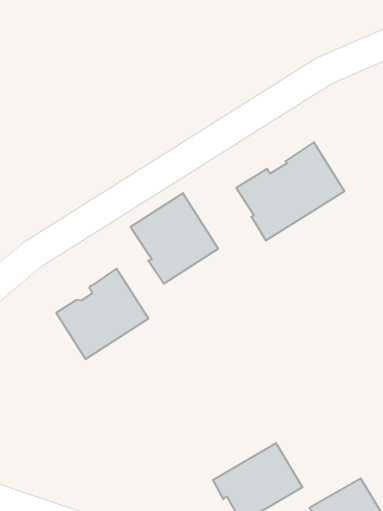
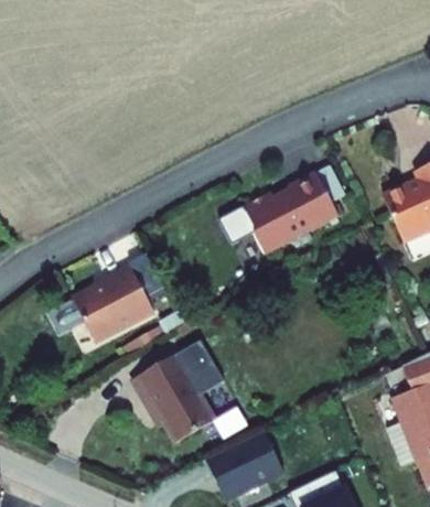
building: [131,193,218,284] -> none
building: none -> [140,350,223,444]

